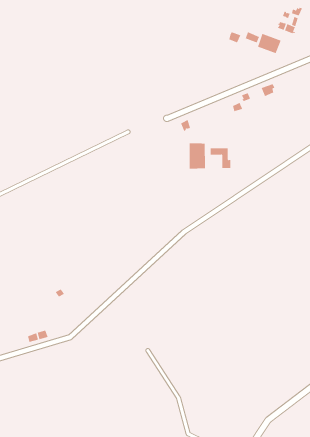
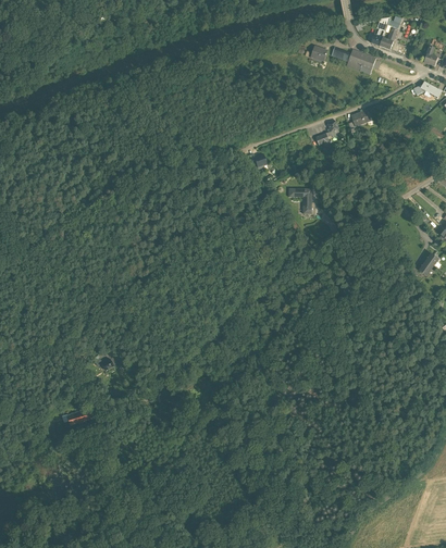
building: [189,143,206,169] -> none

